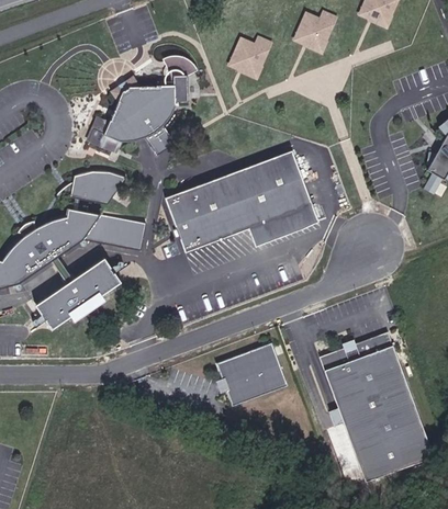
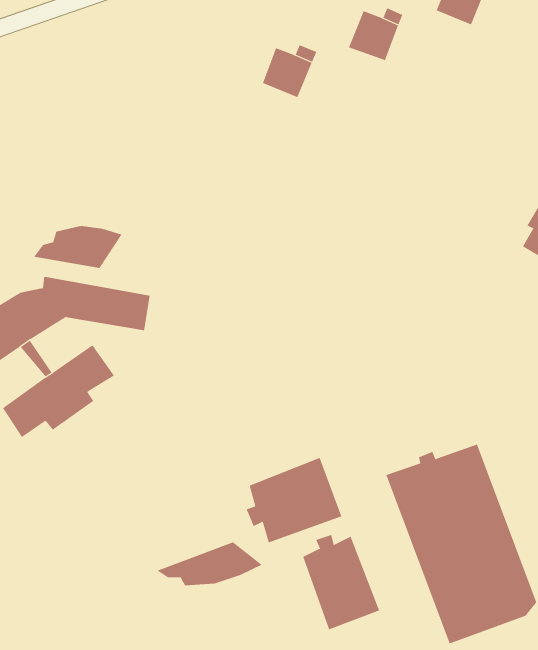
building: [87,55,197,154] -> none
building: [165,150,318,251] -> none
building: none -> [302,534,380,630]
building: none -> [156,542,263,586]

